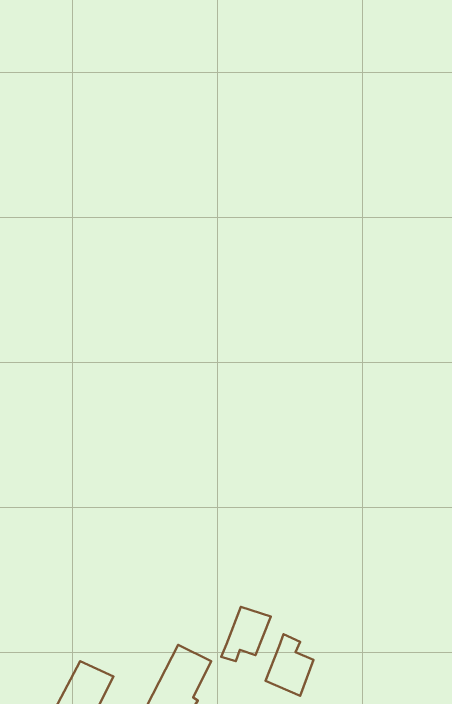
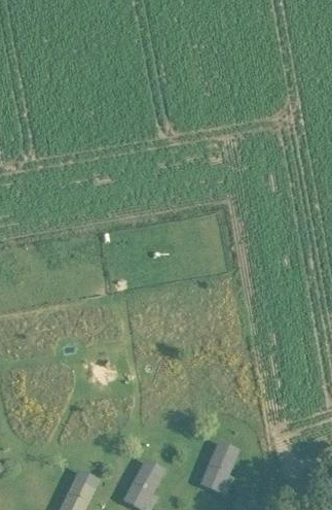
building: [221,607,271,661] -> none

